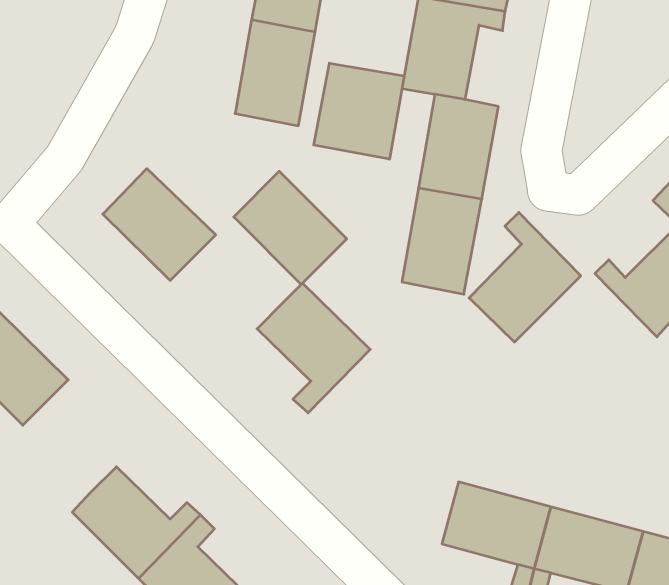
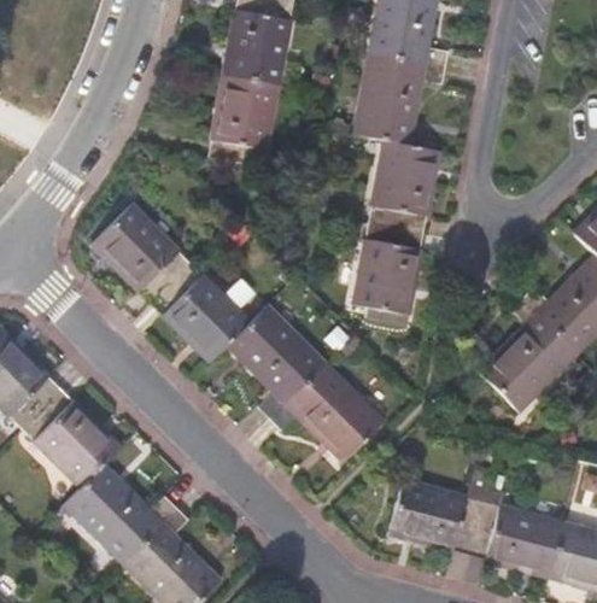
building: [314,63,404,159] -> none
building: [234,171,347,284] -> [151,262,250,361]
building: [469,212,581,342] -> [479,295,576,409]
building: none -> [271,362,384,459]
building: none -> [22,388,121,487]

